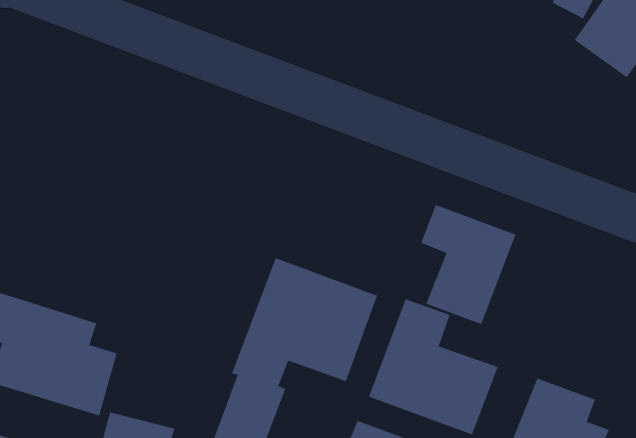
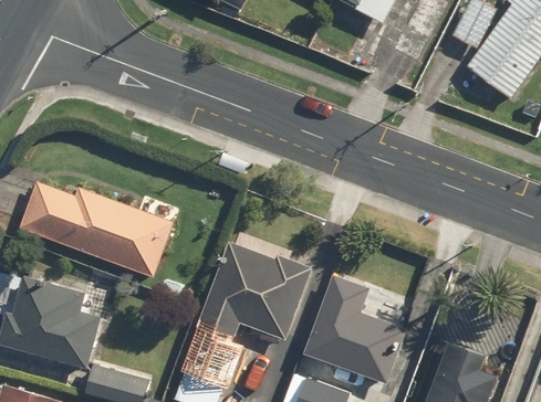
building: none -> [19,181,178,276]
building: [420,204,516,325] -> none

